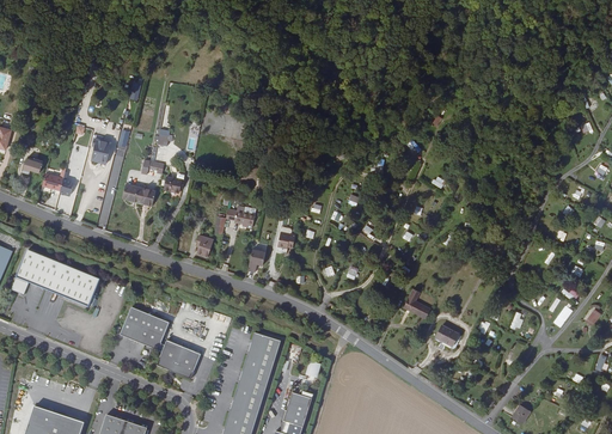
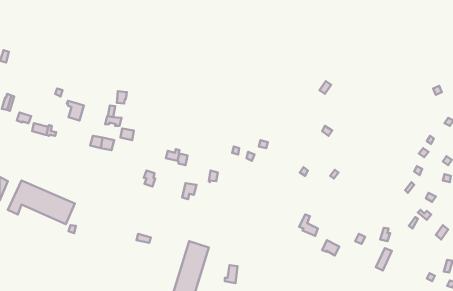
building: [120,306,201,378] -> none

